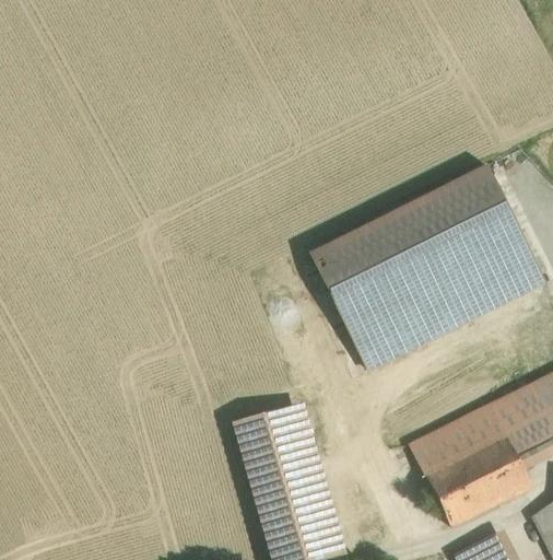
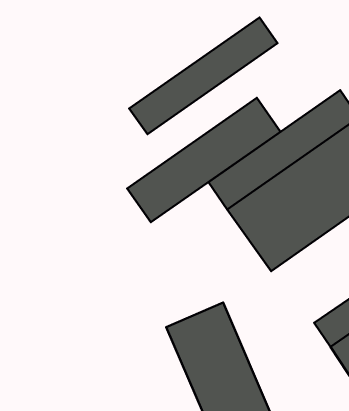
building: none -> [129,17,278,134]
building: none -> [127,98,280,222]

